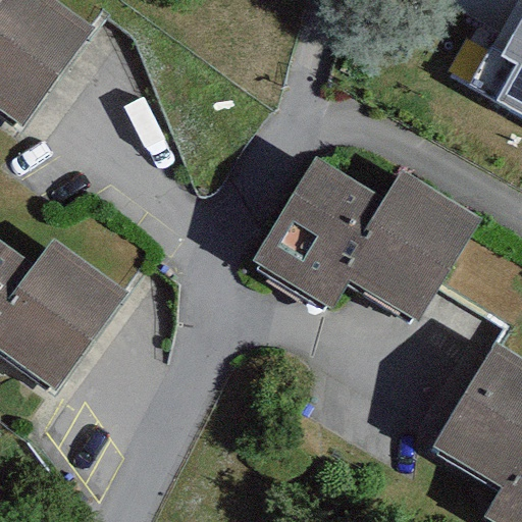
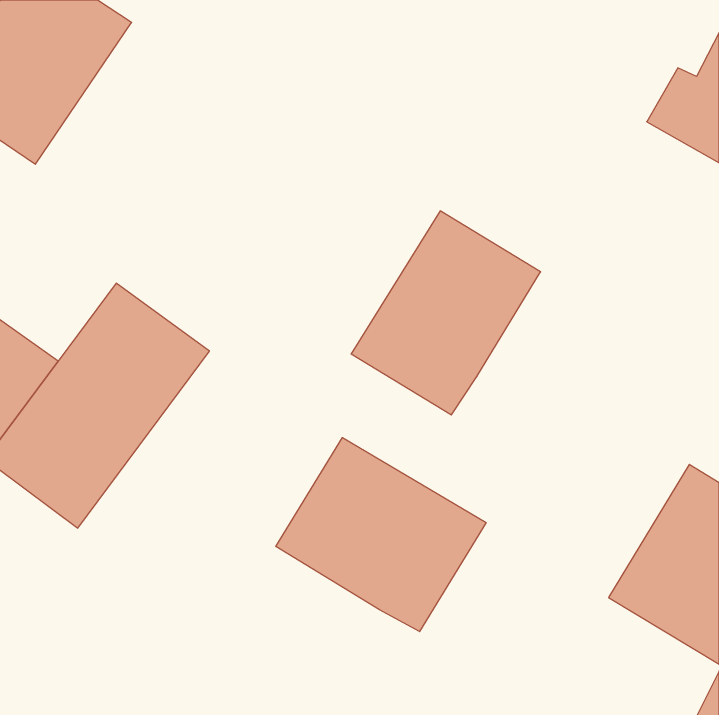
building: [344,181,476,323] -> none
building: none -> [276,438,486,632]

